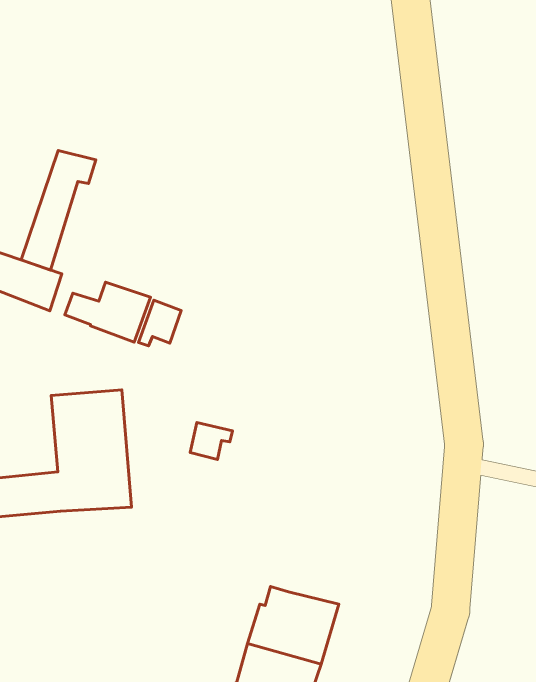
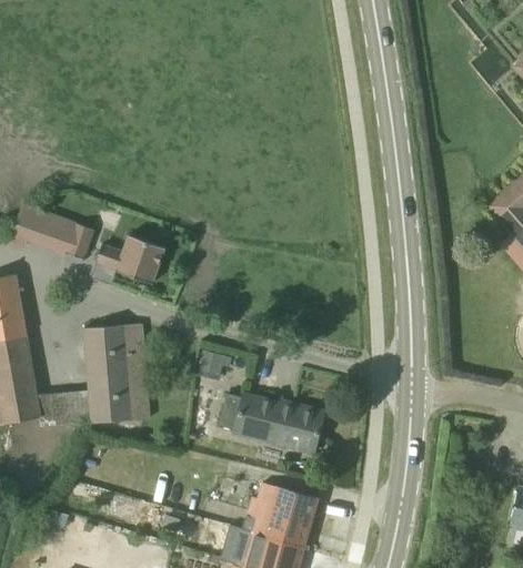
building: [21,150,96,270] -> none
building: [138,300,181,346] -> none
building: none -> [217,393,323,453]

